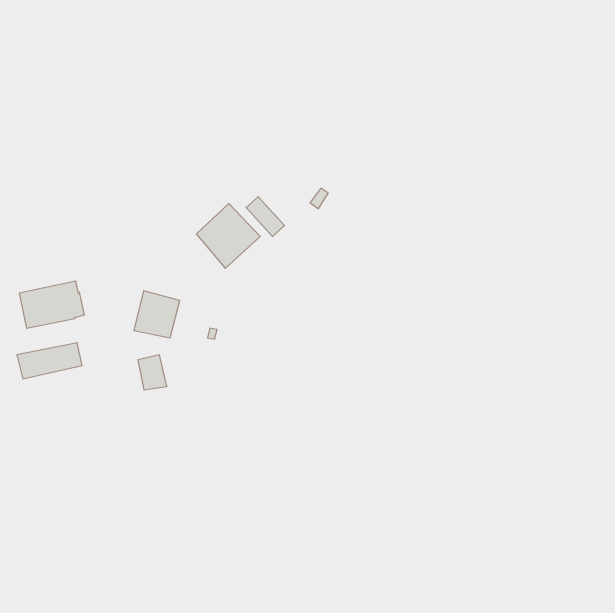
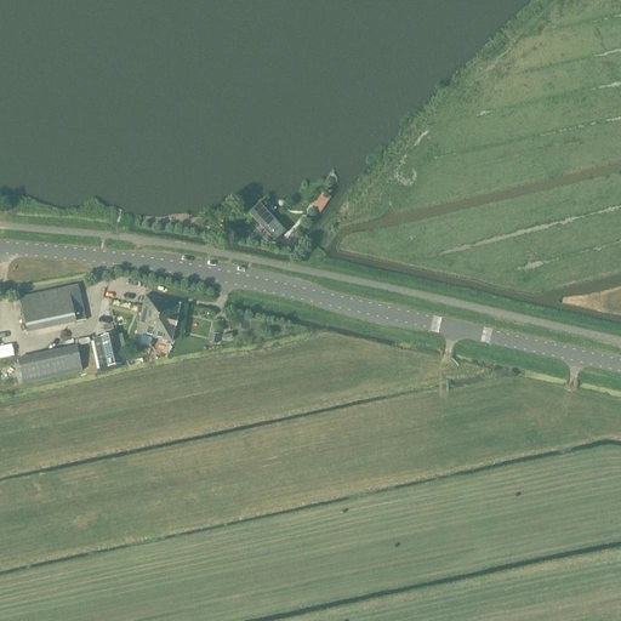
building: [197,203,260,268] -> none
building: [138,355,167,390] -> [92,331,121,366]

